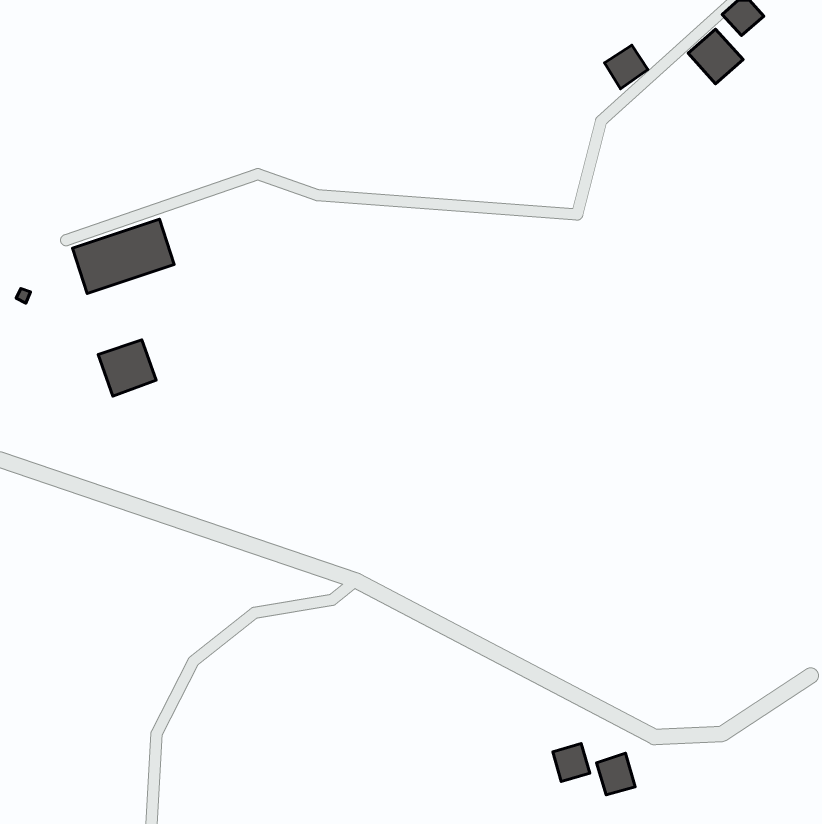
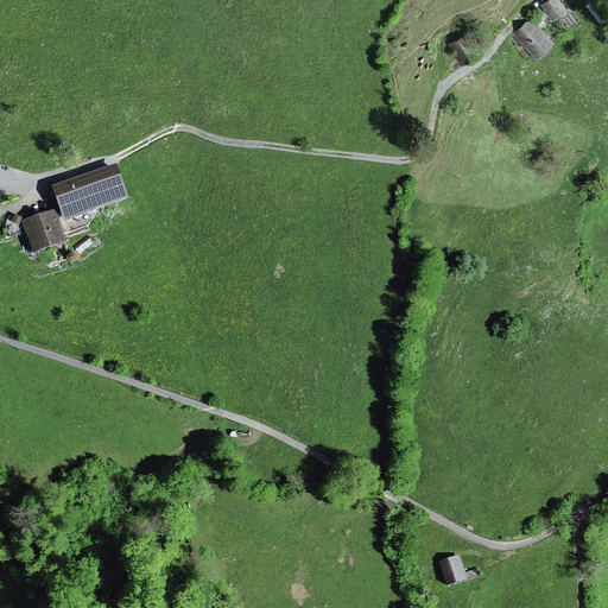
building: [98,340,156,396] -> [25,208,68,249]
building: [553,743,590,782] -> none

